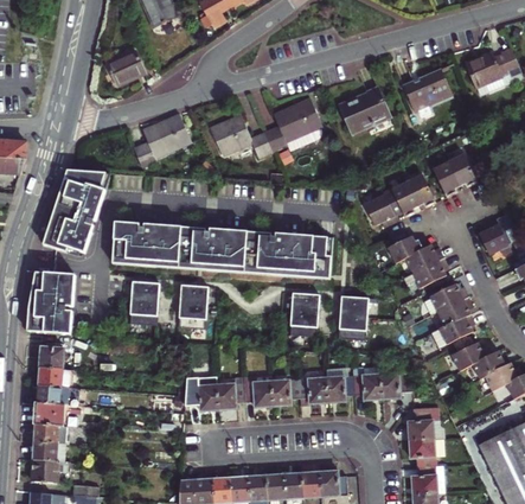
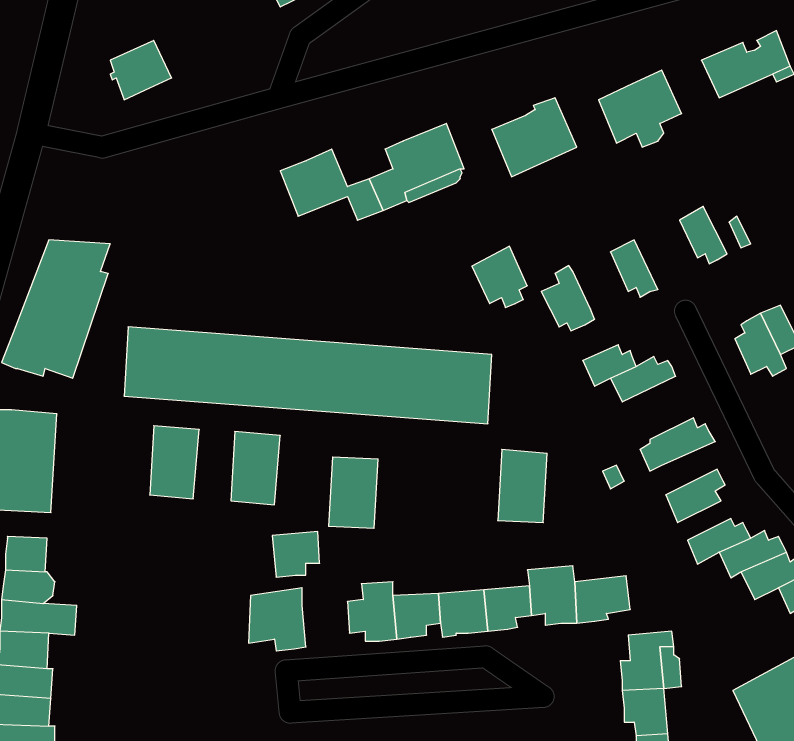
building: [129,115,188,167] -> none
building: [430,158,456,193] -> none
building: [382,177,415,213] -> [472,246,527,308]
building: [401,251,448,282] -> none
building: [435,291,470,320] -> none
building: [288,293,318,336] -> [329,457,378,528]
building: [219,387,248,414] -> [272,532,320,577]

